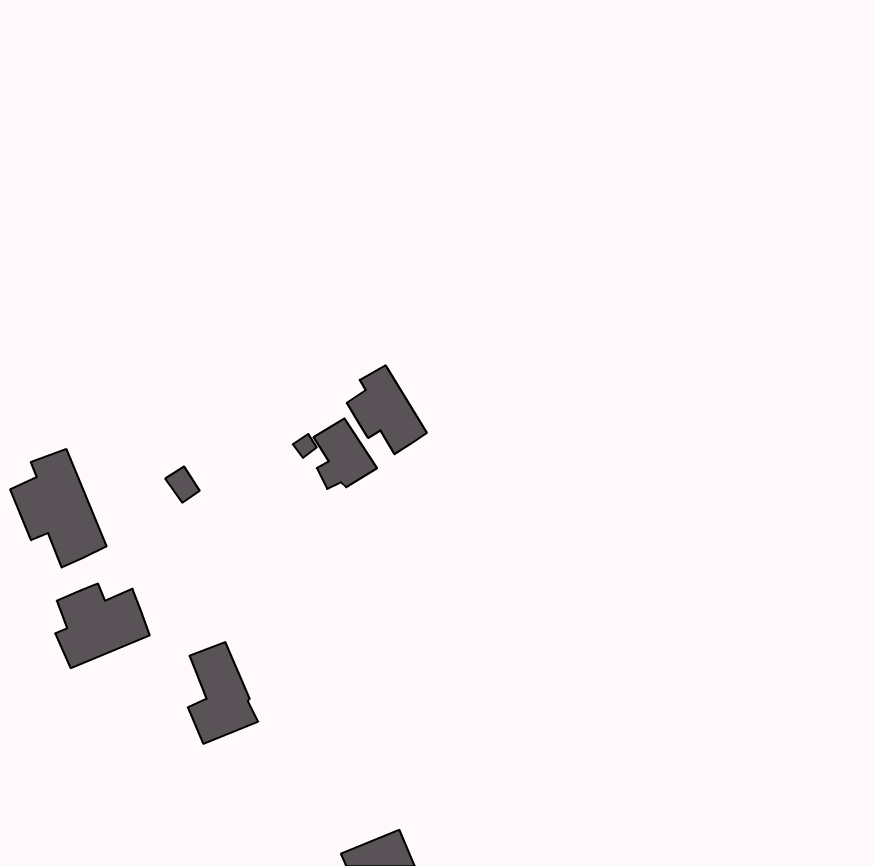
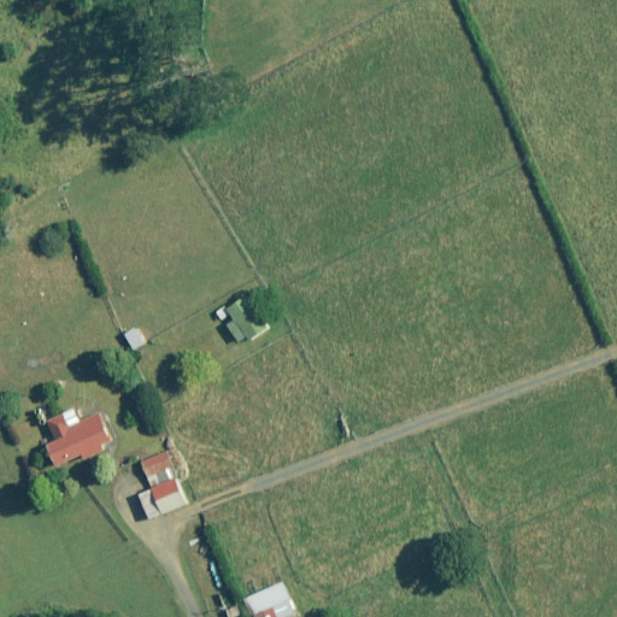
building: [347,365,427,454] -> none
building: [10,449,106,568] -> none

